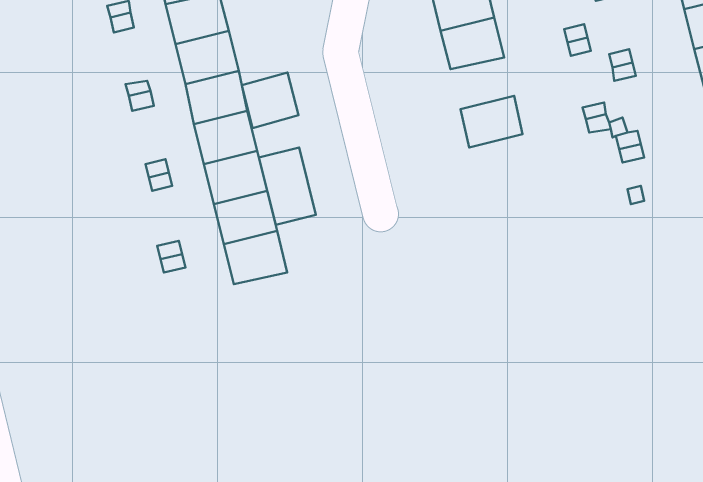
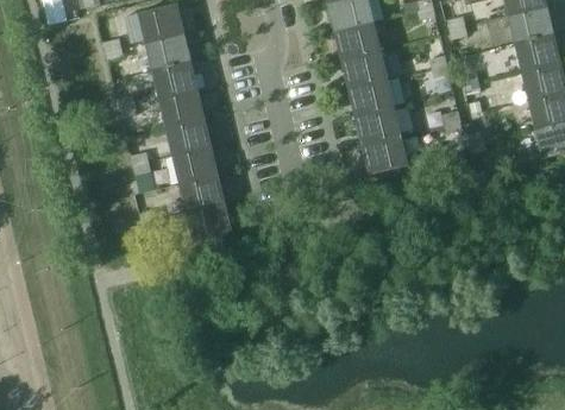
building: none -> [349,78,394,115]
building: [242,72,298,128] -> none
building: none -> [362,133,408,172]
building: [259,147,316,225] -> none

